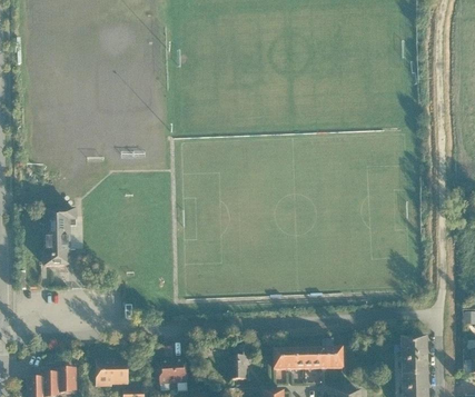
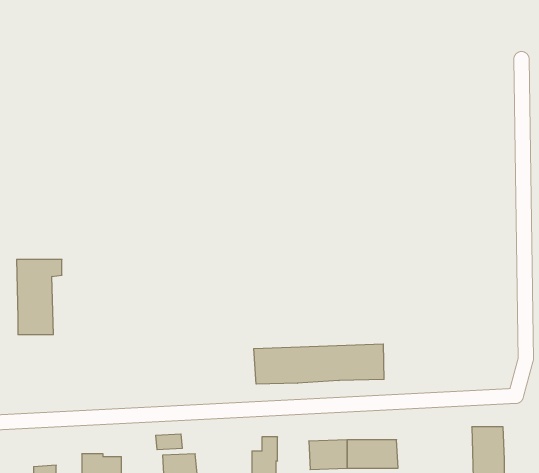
building: none -> [254,344,384,384]

